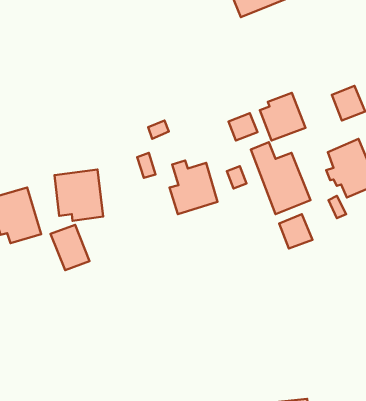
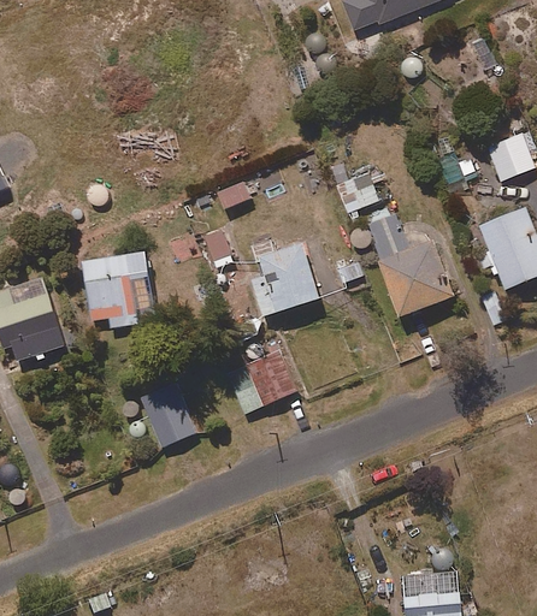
building: [260,93,305,141] -> none
building: [279,214,312,249] -> none
building: [50,225,89,270] -> [137,380,194,446]
building: none -> [235,350,295,413]

